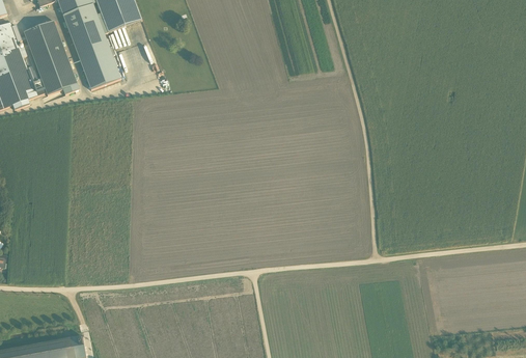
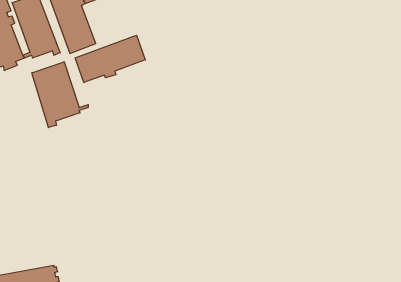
building: none -> [75,35,145,83]
building: none -> [32,62,88,128]

